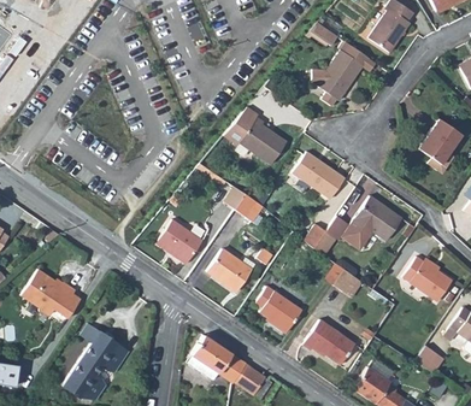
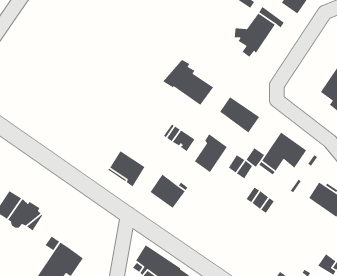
building: none -> [194,133,228,173]
building: [257,286,302,331] -> none
building: [304,319,355,364] -> none

